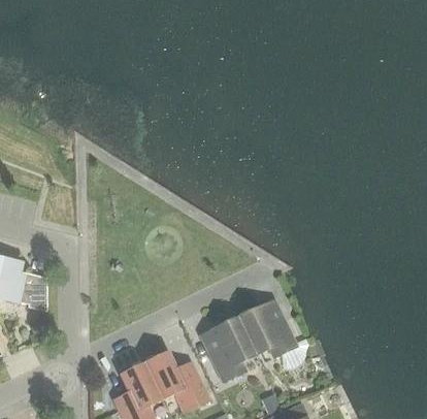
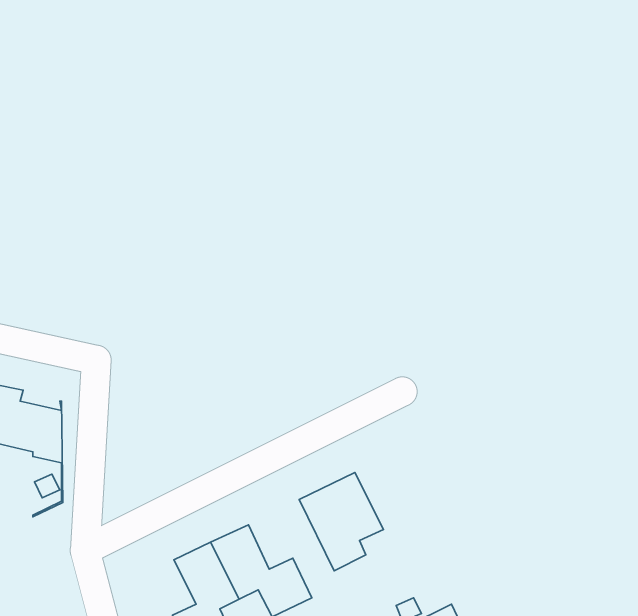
building: [237,300,296,357] -> none

